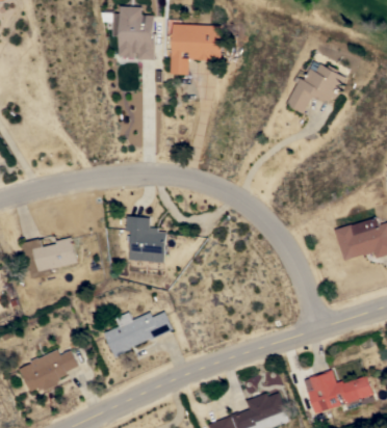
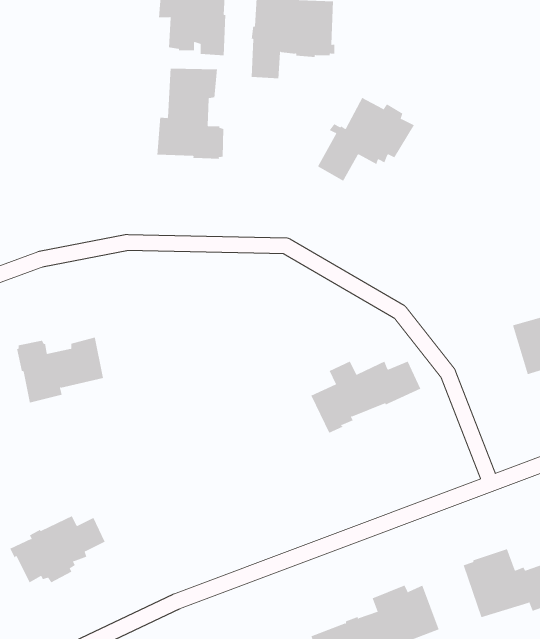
building: [286,60,347,113] -> [317,97,415,181]
building: none -> [157,68,224,160]
building: [126,216,167,263] -> none
building: [104,312,174,357] -> [310,361,421,434]

